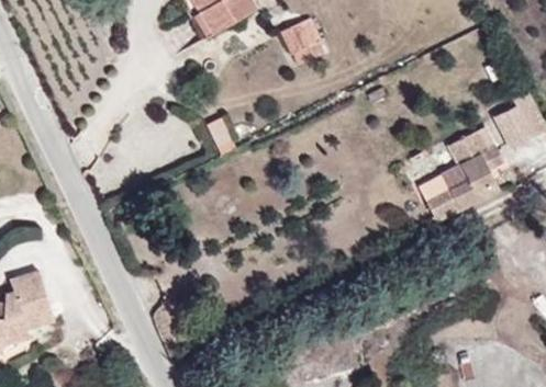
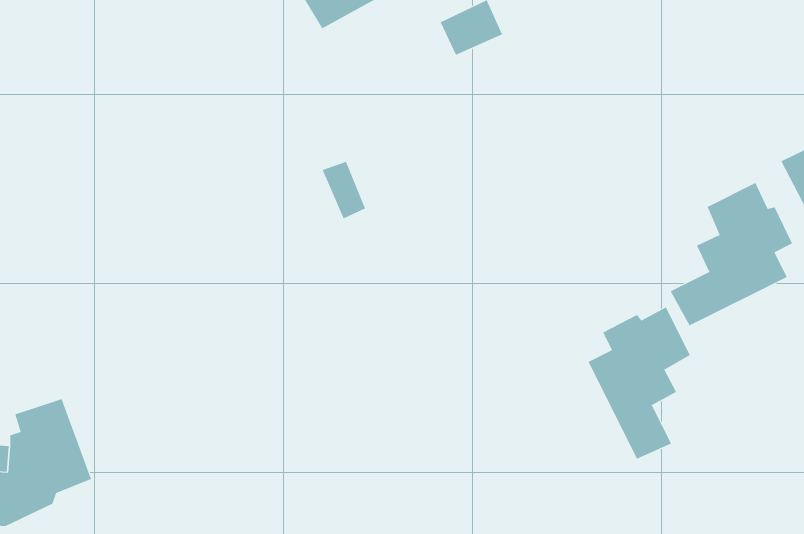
building: none -> [588,307,691,460]

